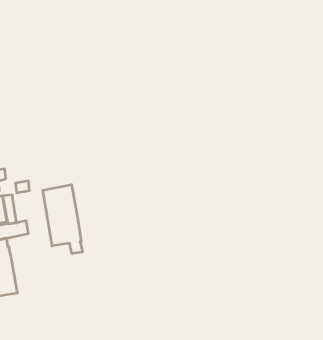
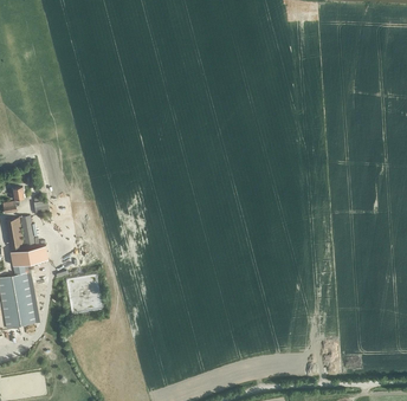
building: [43,185,82,254] -> none

